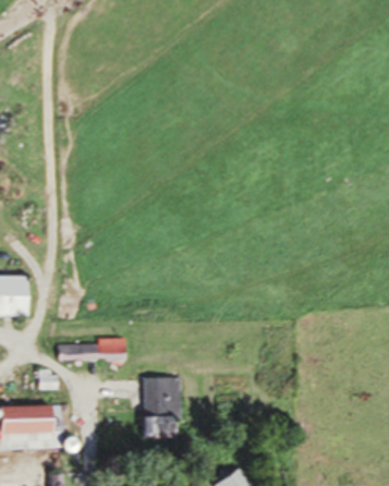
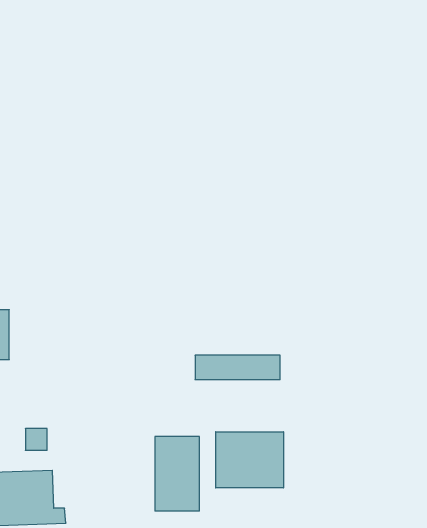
building: [57,342,125,362] -> [195,355,280,380]
building: none -> [216,432,283,488]

